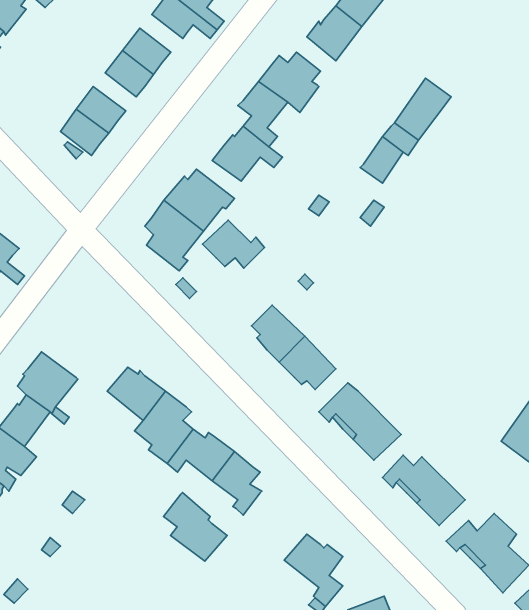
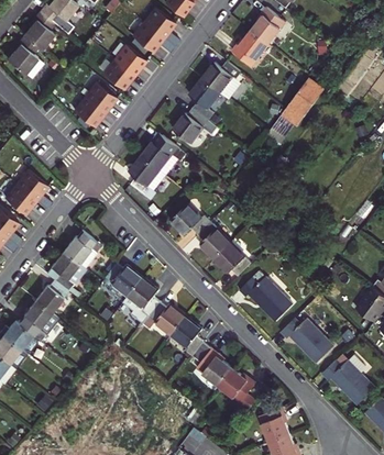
building: [202,220,264,268] -> [171,204,210,235]
building: none -> [63,230,101,268]
building: [164,492,227,561] -> [191,341,232,385]

